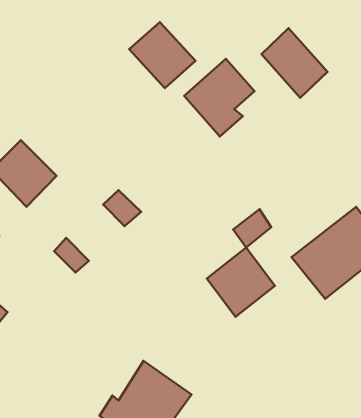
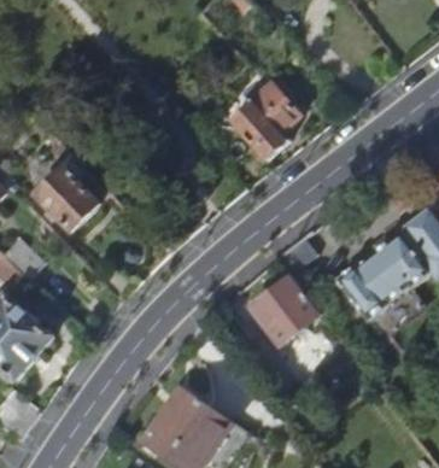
building: [129,22,196,88] -> none
building: [261,28,327,98] -> none

